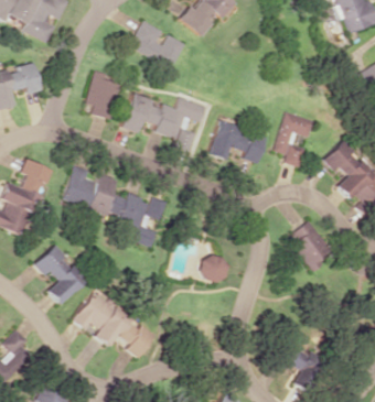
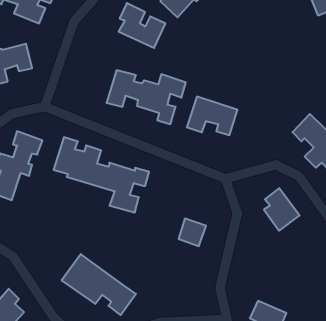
building: [88,70,122,119] -> none
building: [277,111,317,167] -> none
building: [33,243,86,303] -> none

